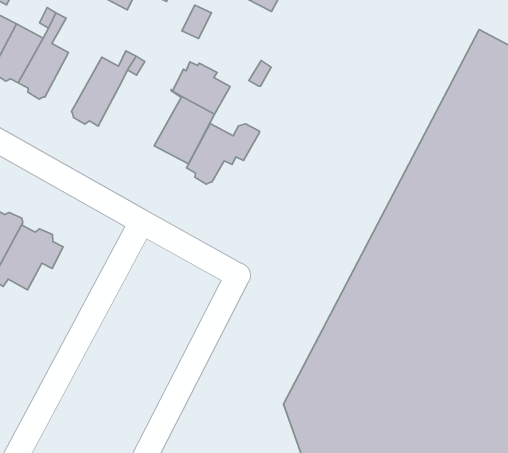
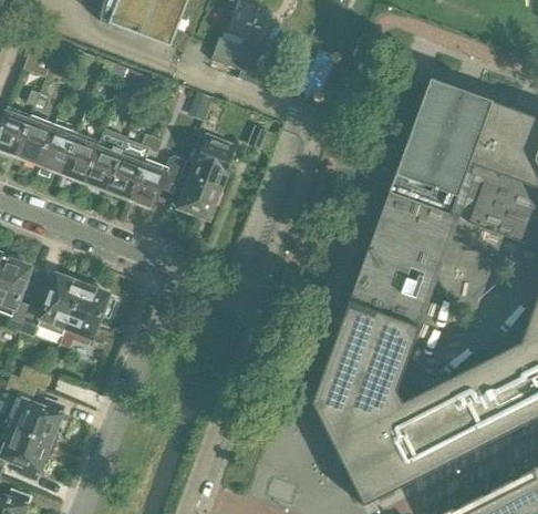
building: none -> [85,128,128,188]
building: [187,123,260,184] -> [132,155,187,208]

